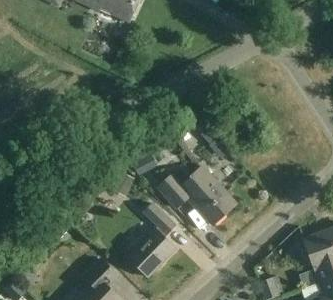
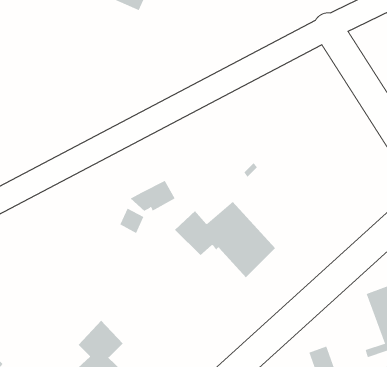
building: [127,205,175,278] -> none

